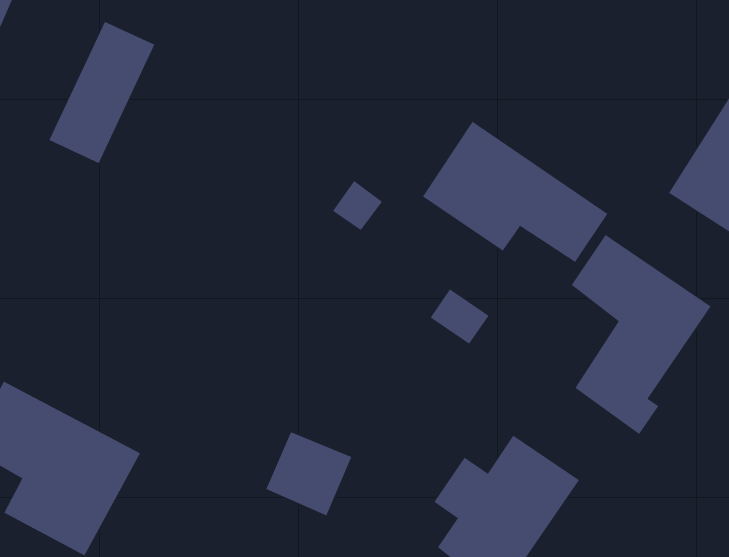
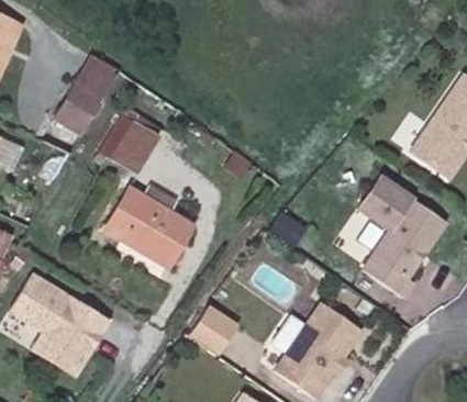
building: none -> [91,107,149,167]
building: [422,121,608,263] -> none
building: none -> [118,203,201,277]

